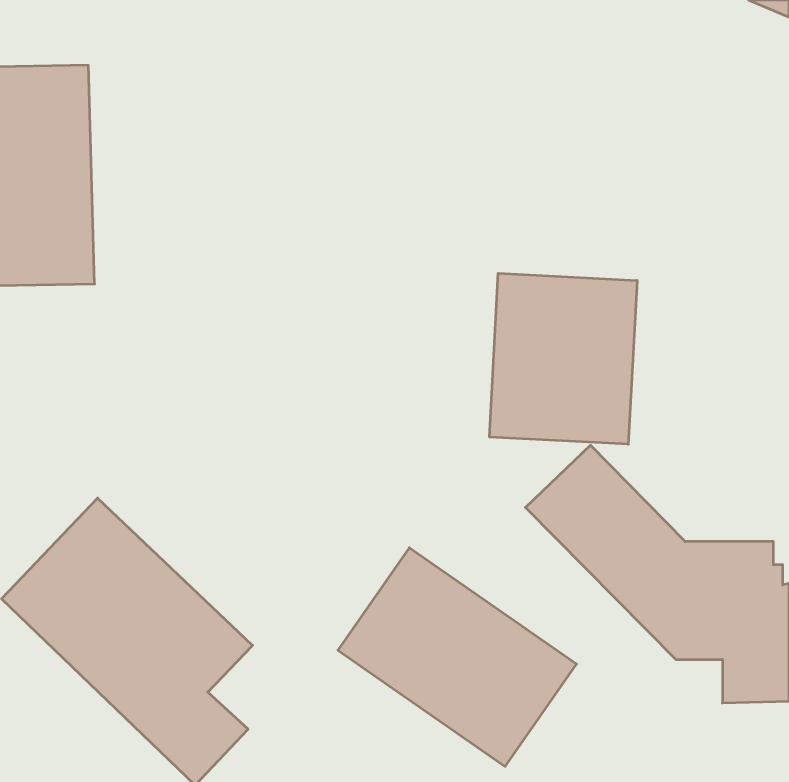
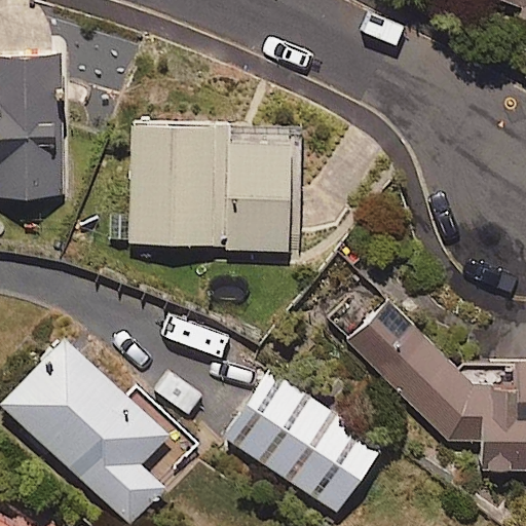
building: none -> [127,121,297,252]
building: [490,273,637,444] -> none

